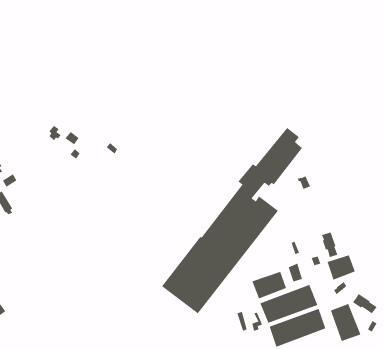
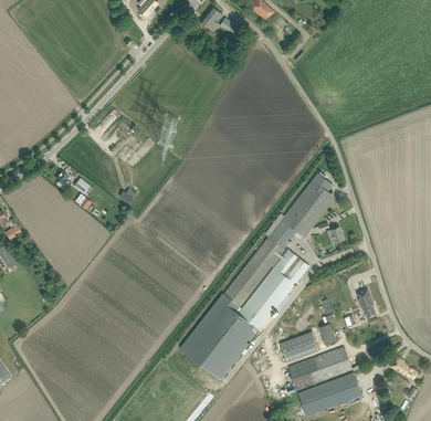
building: [327,254,355,281] -> none
building: [330,303,361,342] -> none

